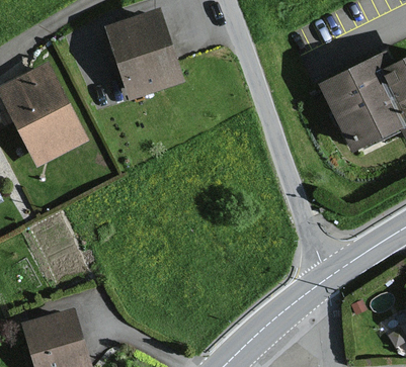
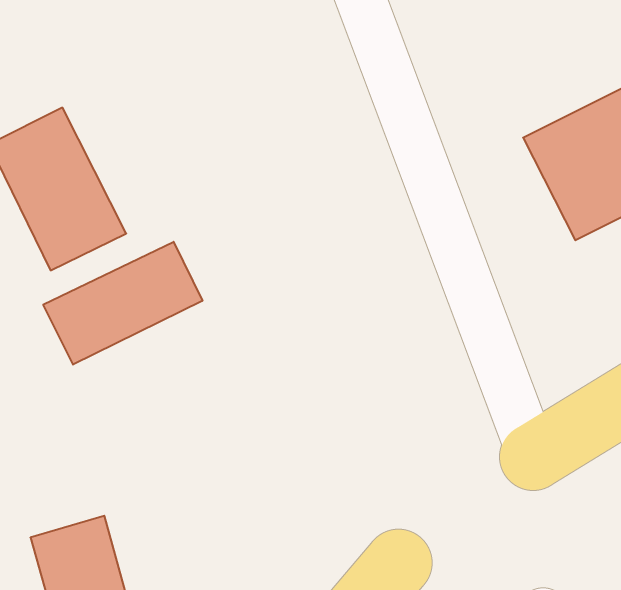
building: [107,13,176,95] -> none
building: none -> [43,242,202,365]

